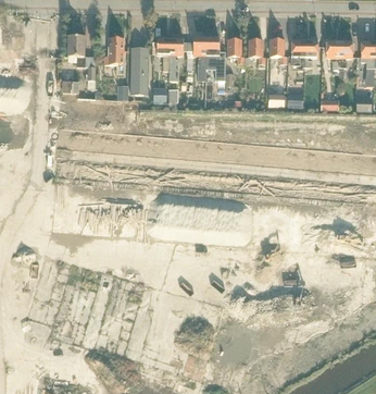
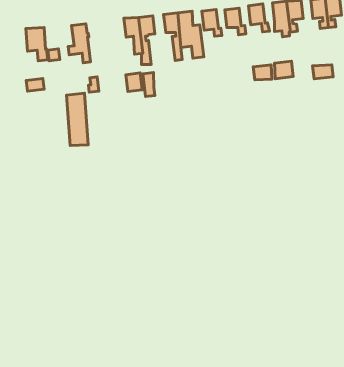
building: [130,47,149,94] -> [67,93,88,146]

